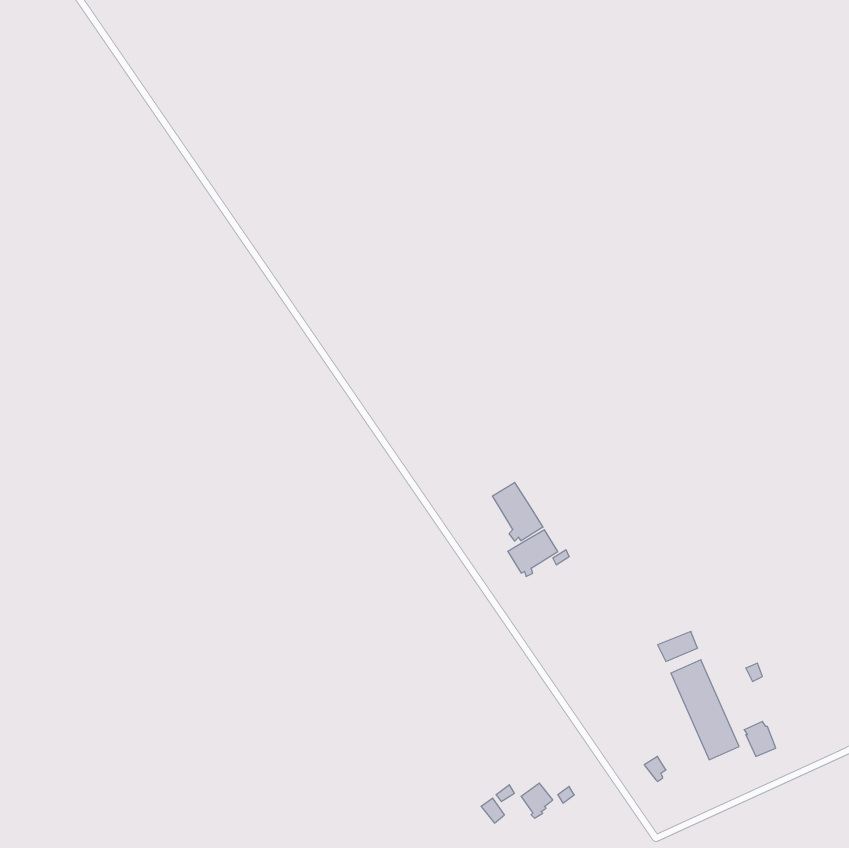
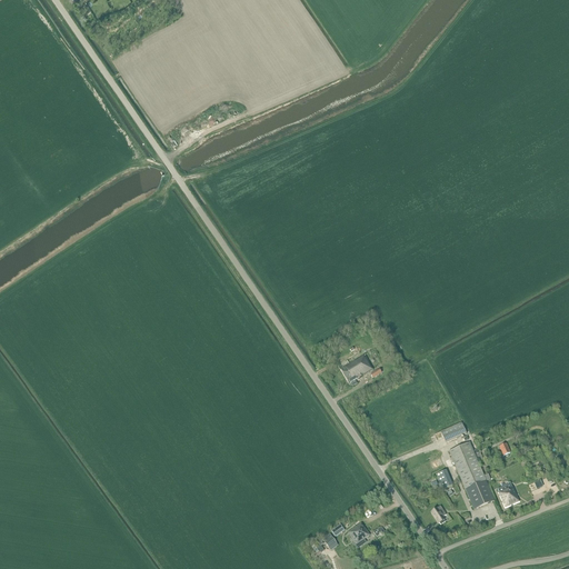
building: [493,482,543,541] -> none

